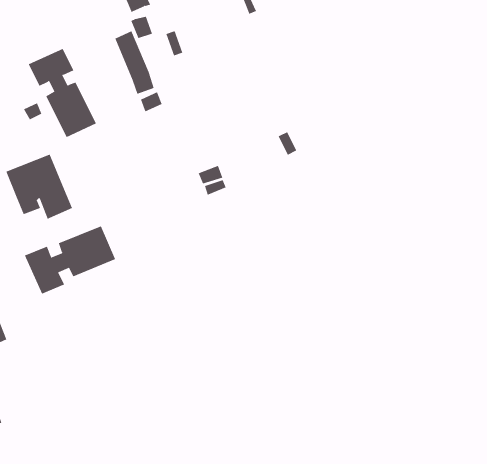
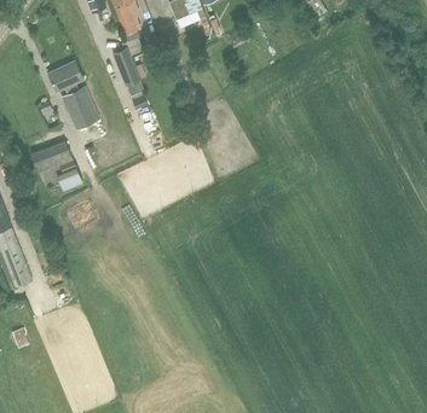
building: [24,225,116,294] -> none

